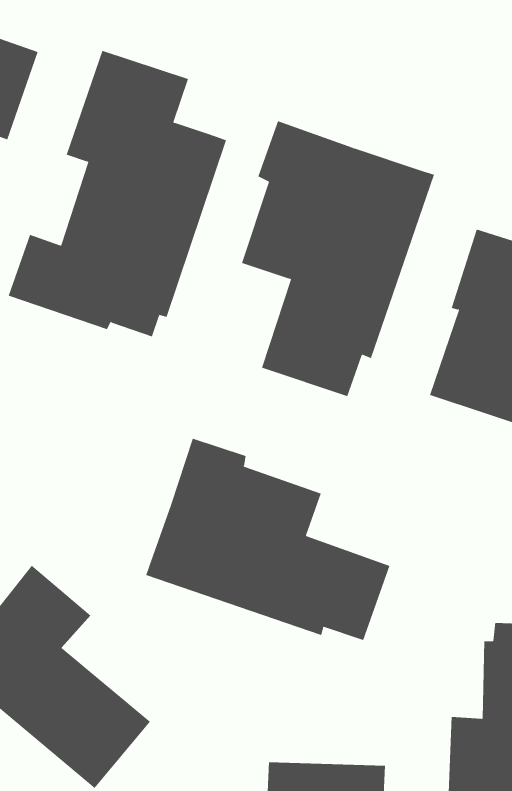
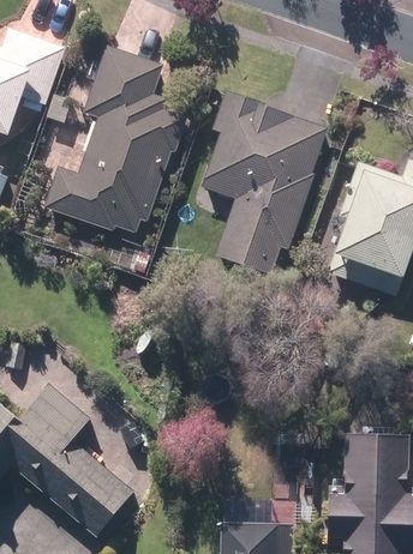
building: [145,438,390,641] -> none

